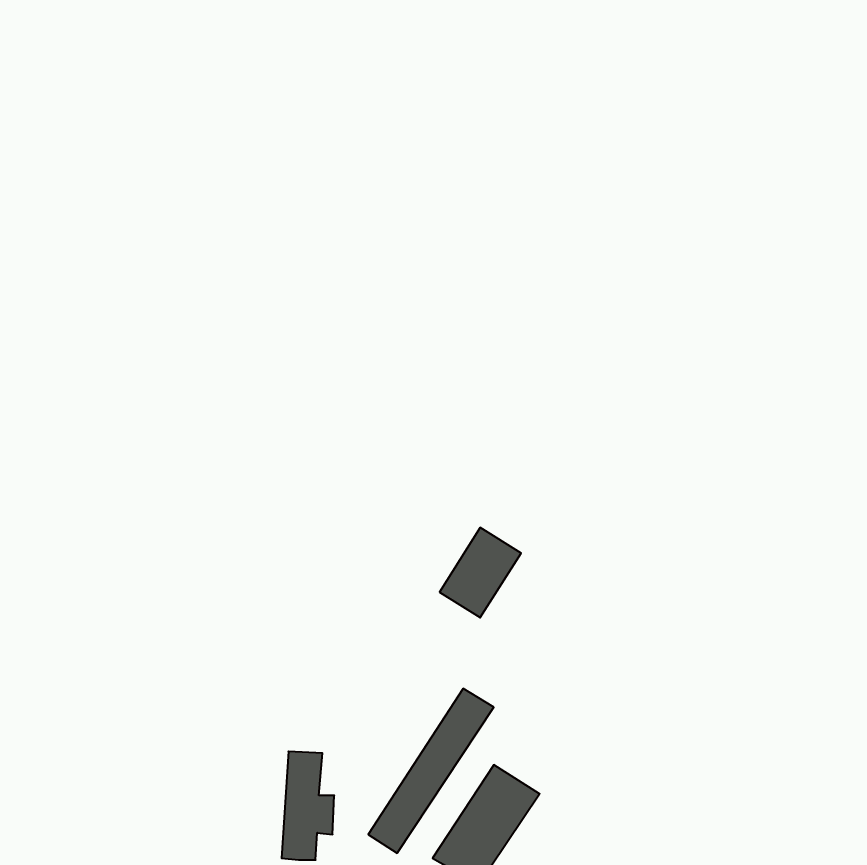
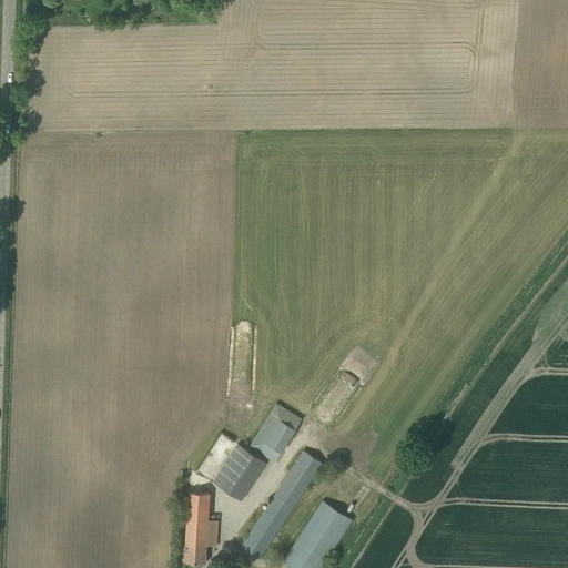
building: [440,528,521,618] -> [248,403,302,462]
building: none -> [213,444,267,501]

